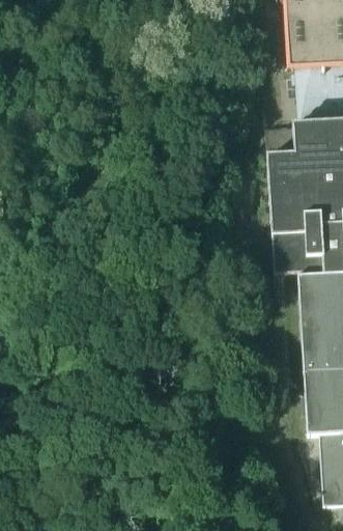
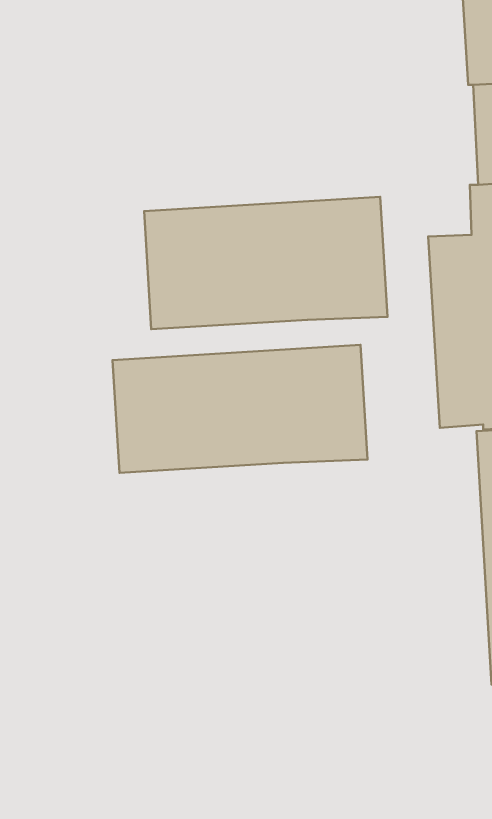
building: none -> [144,197,388,329]
building: none -> [112,345,368,473]

